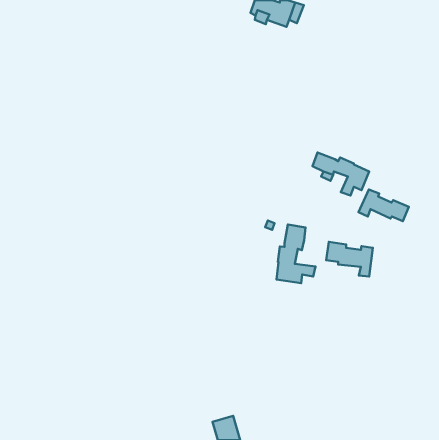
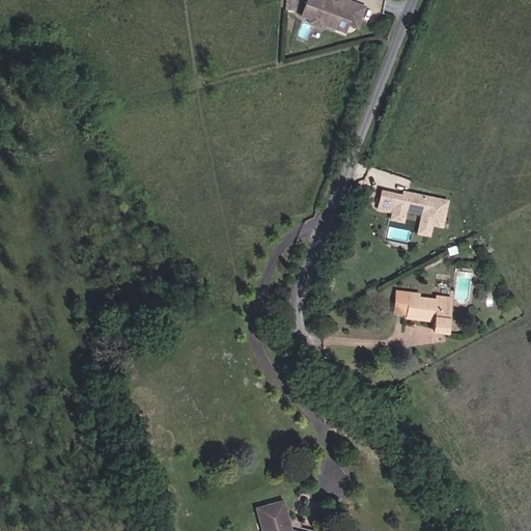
building: [359,189,409,221] -> none
building: [276,224,315,283] -> none

